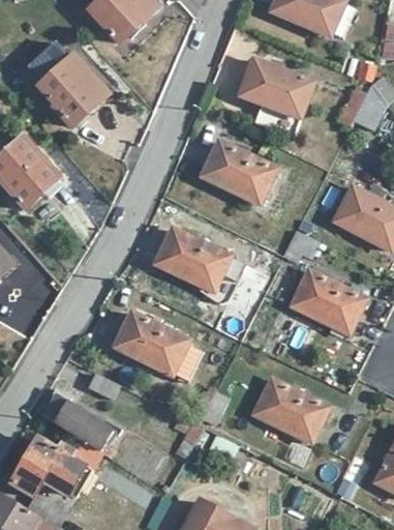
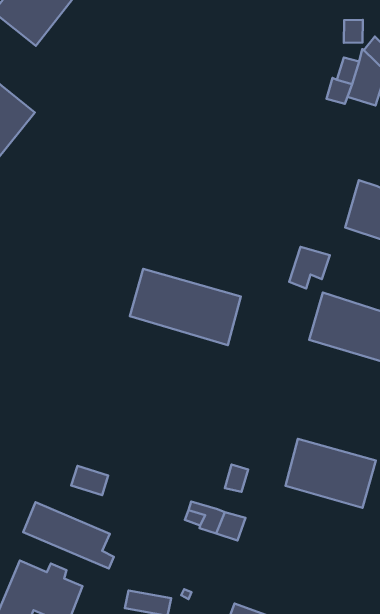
building: [241,60,313,138] -> none
building: [203,142,277,204] -> none
building: [115,313,190,375] -> none

